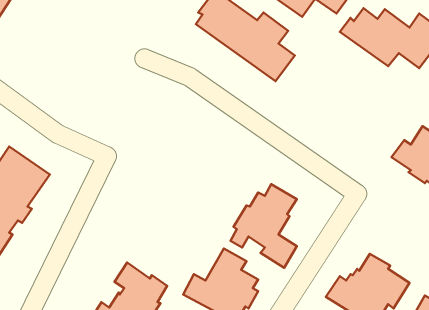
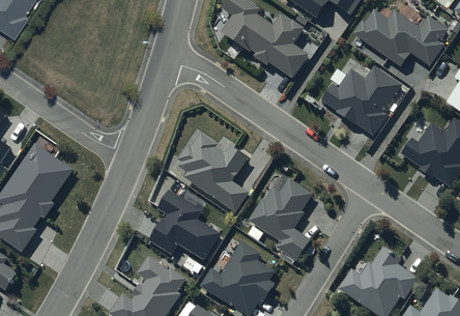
building: none -> [319,65,401,134]
building: none -> [178,134,248,211]
building: none -> [150,190,219,257]

